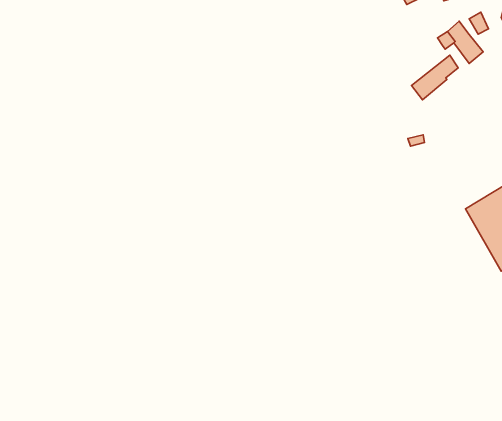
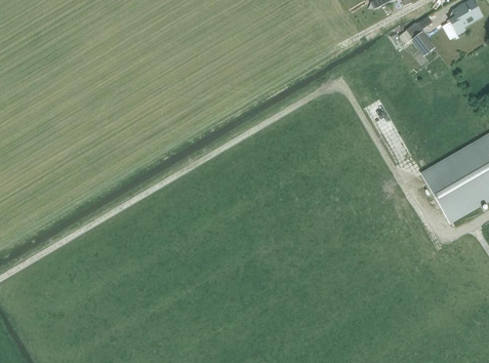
building: [412,55,458,100] -> none

